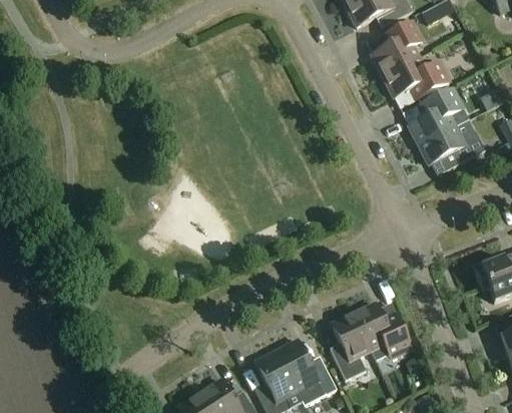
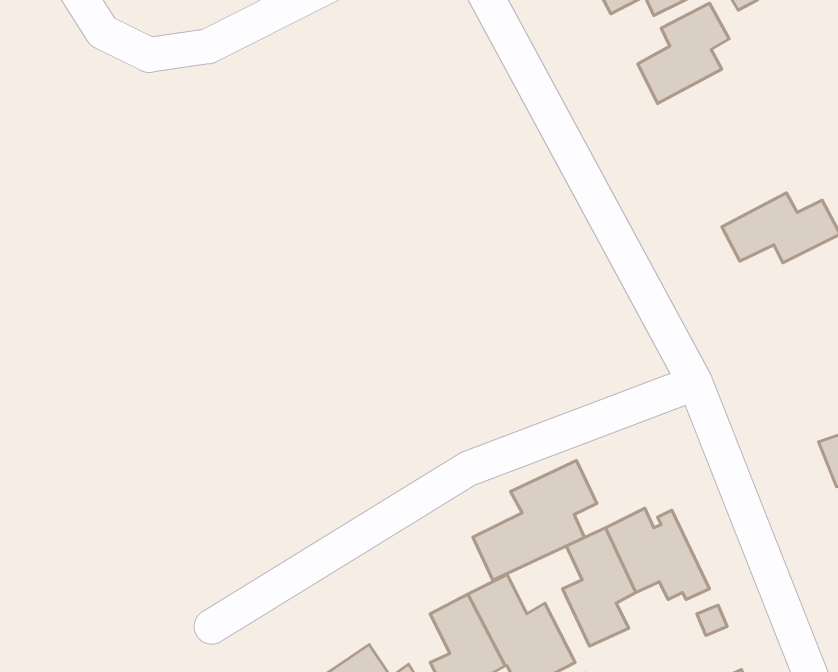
building: [382,56,449,97] -> none
building: [408,85,465,144] -> none
building: none -> [473,460,597,580]

